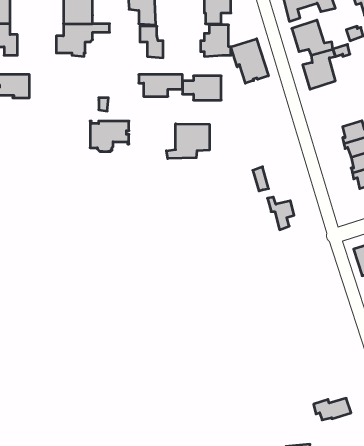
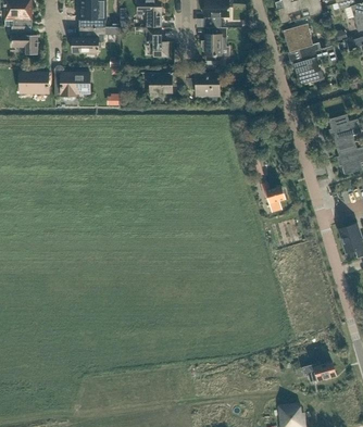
building: [231,39,268,83] -> none
building: [90,121,129,151] -> [54,72,89,99]
building: [166,124,209,159] -> none

